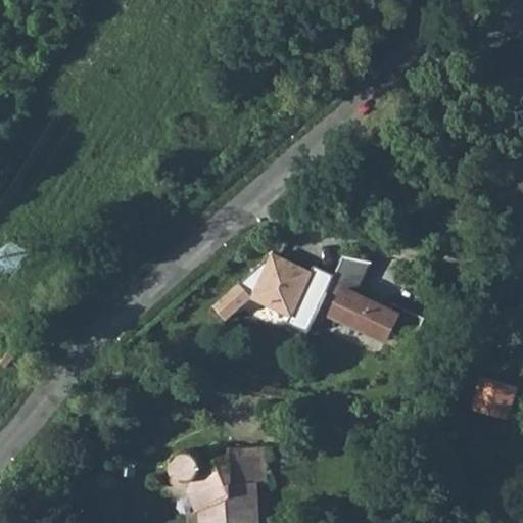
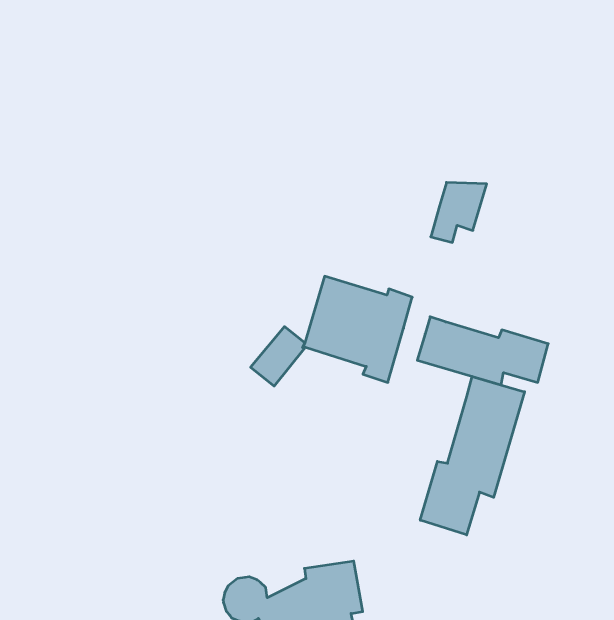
building: [323,259,367,301] -> [431,182,487,242]
building: none -> [420,376,525,535]

